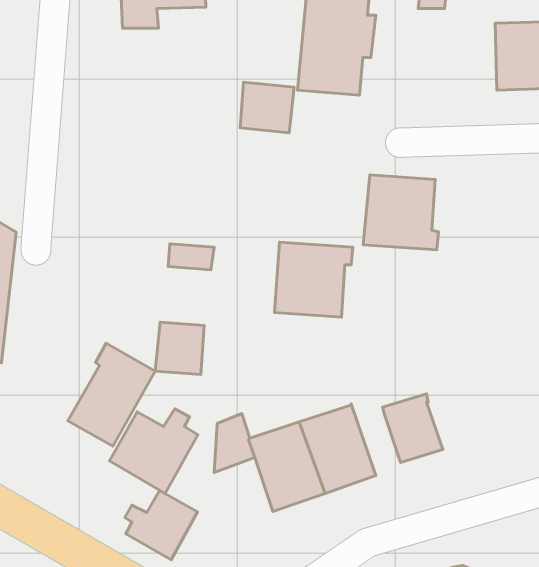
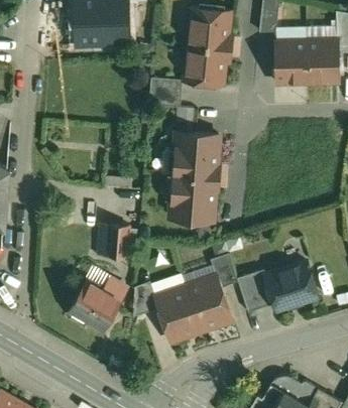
building: none -> [275,40,308,83]
building: [363,175,438,250] -> [173,132,220,178]
building: [68,343,155,446] -> none
building: none -> [211,252,238,287]
building: none -> [264,261,318,308]
building: [125,490,198,560] -> none

